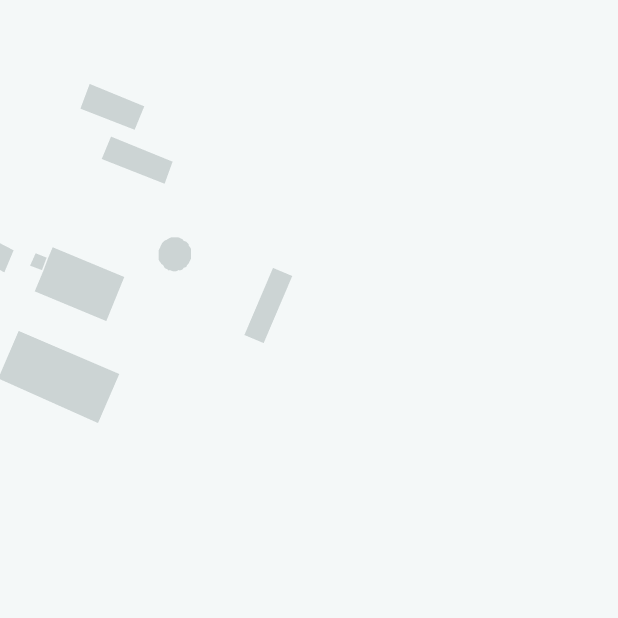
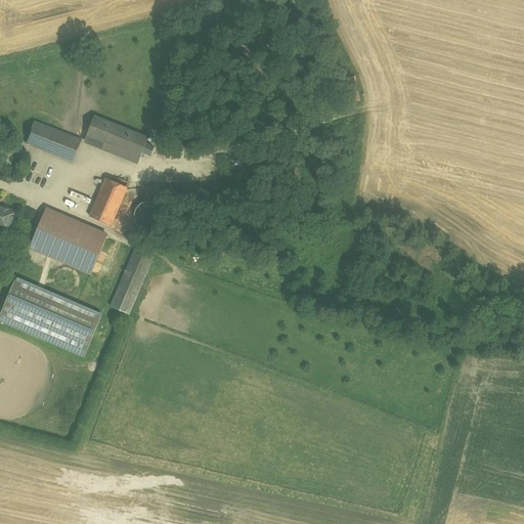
building: [79,83,145,131] -> [25,120,80,160]
building: none -> [88,177,125,224]
building: [243,267,293,344] -> [110,248,151,312]

